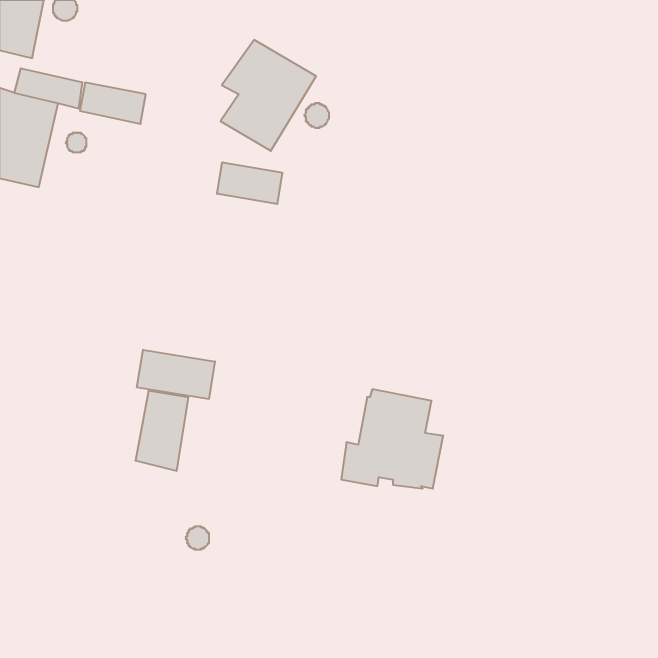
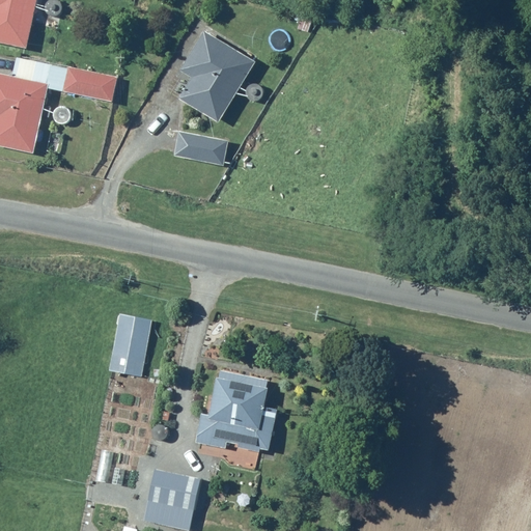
building: [137,350,215,399] -> none
building: [341,389,443,489] -> [196,371,278,451]
building: none -> [137,466,202,526]

